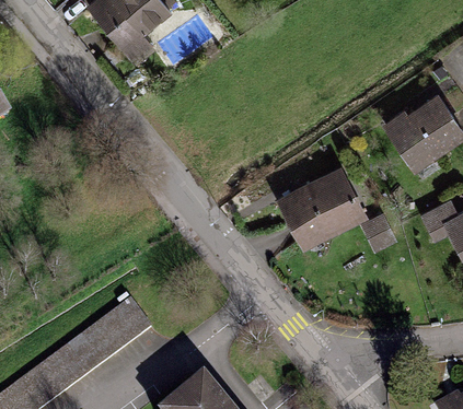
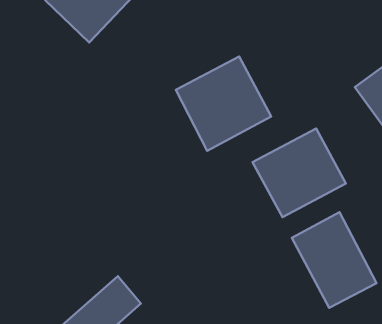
building: none -> [176,57,271,151]
building: none -> [292,212,377,308]

